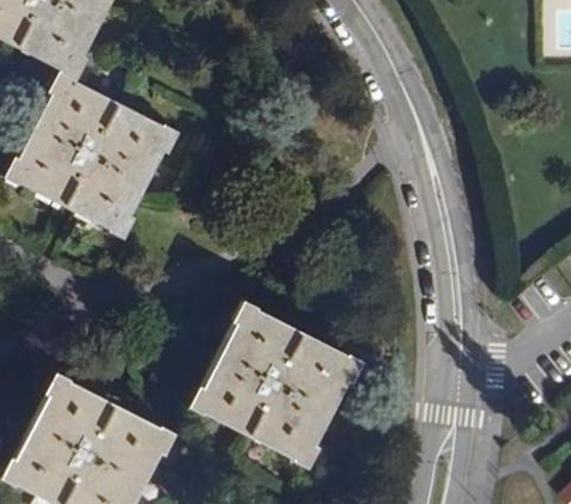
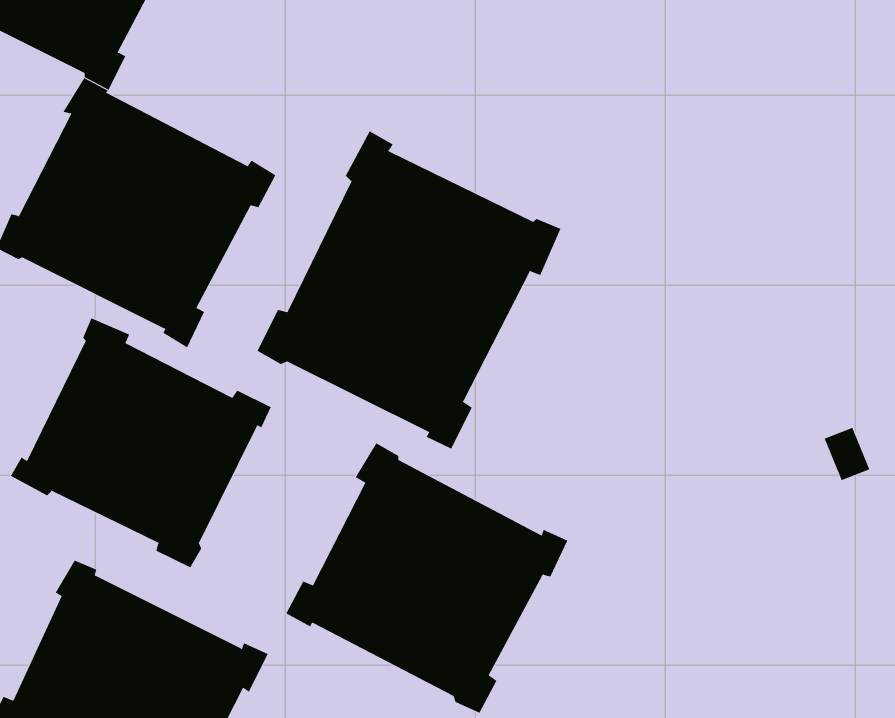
building: none -> [257,131,561,449]
building: none -> [10,317,272,568]

